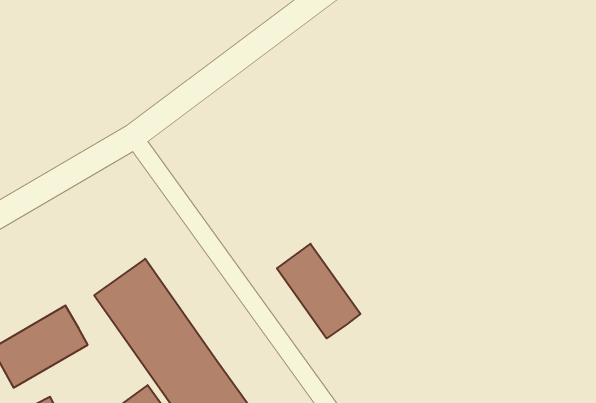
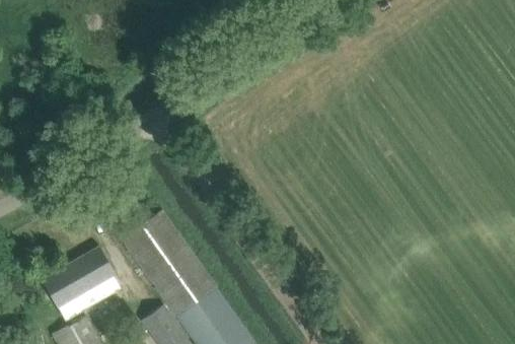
building: [277,244,360,338] -> none

